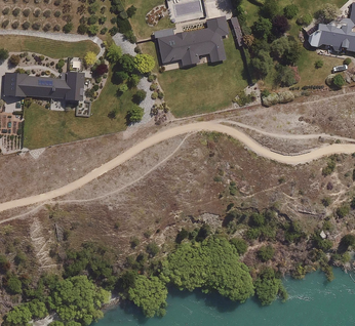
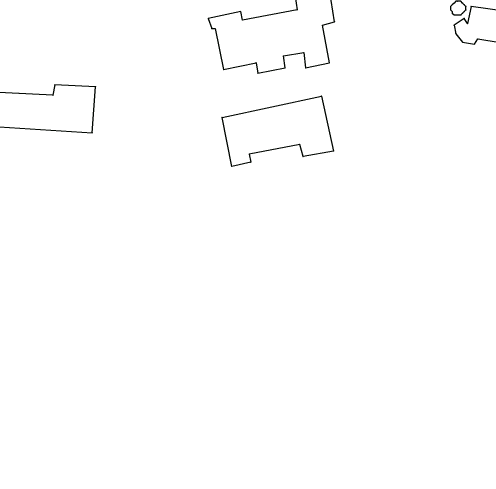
building: none -> [222,96,334,166]

